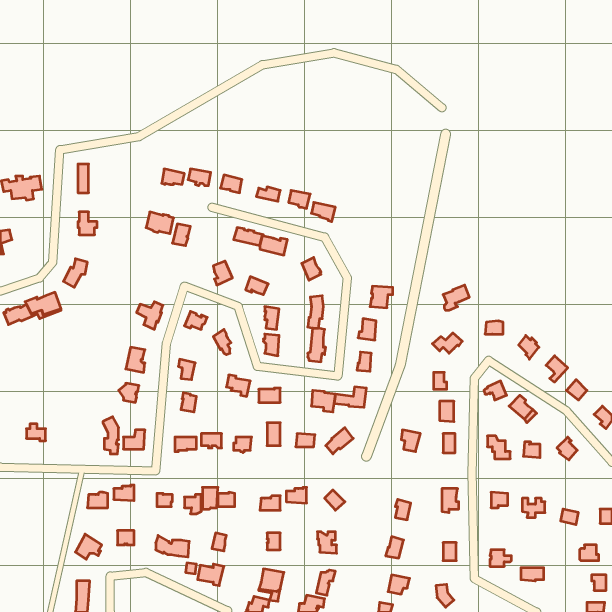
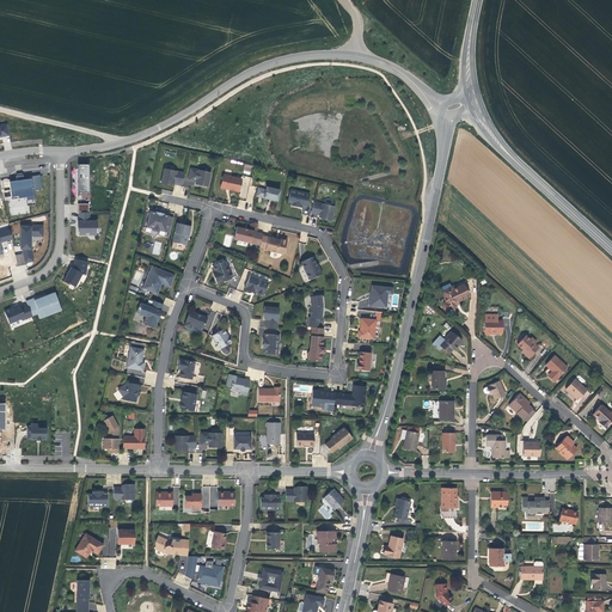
building: none -> [14,225,42,265]
building: none -> [142,265,175,294]

